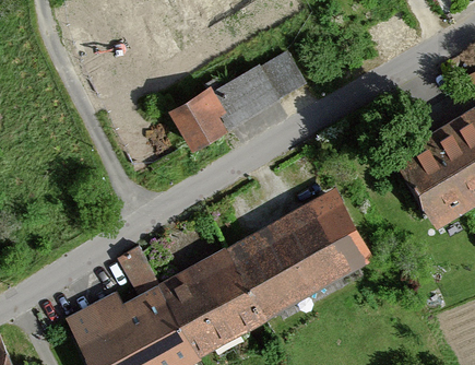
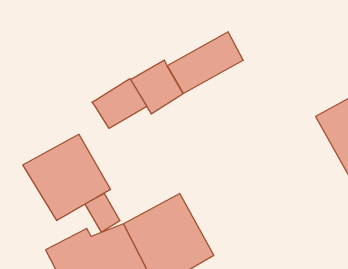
building: none -> [92,79,147,128]
building: none -> [23,134,110,221]
building: [226,189,376,323] -> none

